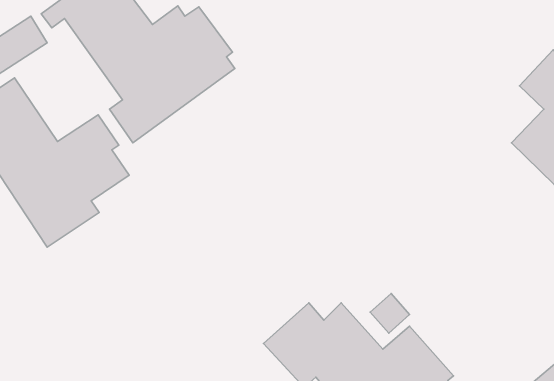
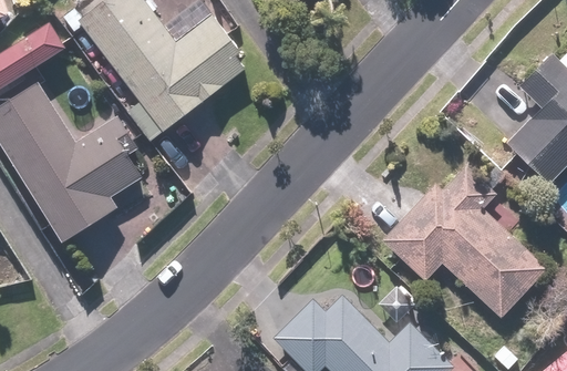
building: none -> [381,167,547,320]

